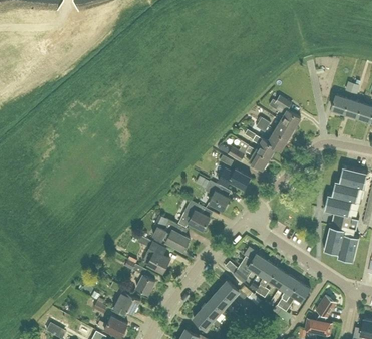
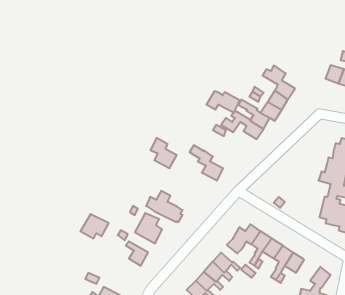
building: [217,167,250,189] -> [206,91,240,113]
building: [183,200,210,230] -> [150,138,177,168]
building: [111,291,139,315] -> [80,214,109,238]

